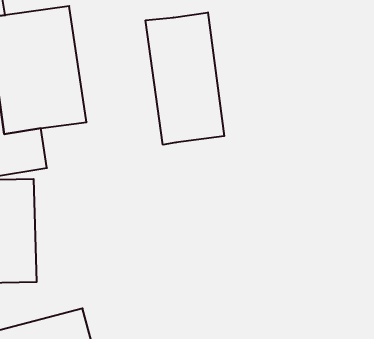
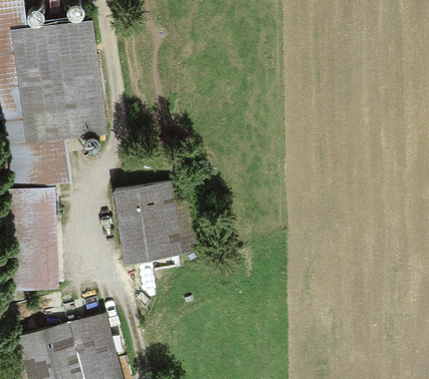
building: [146,12,224,145] -> none
building: none -> [114,180,200,262]

